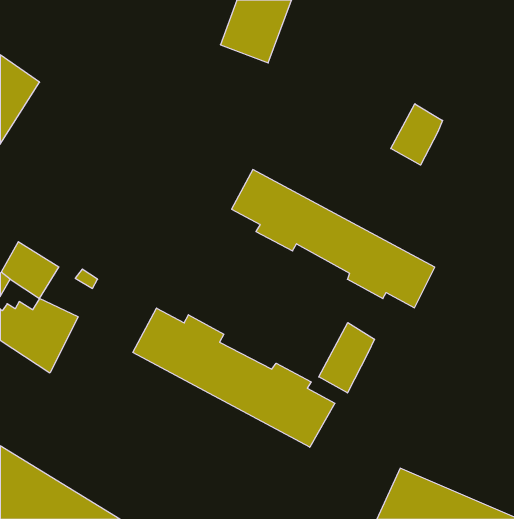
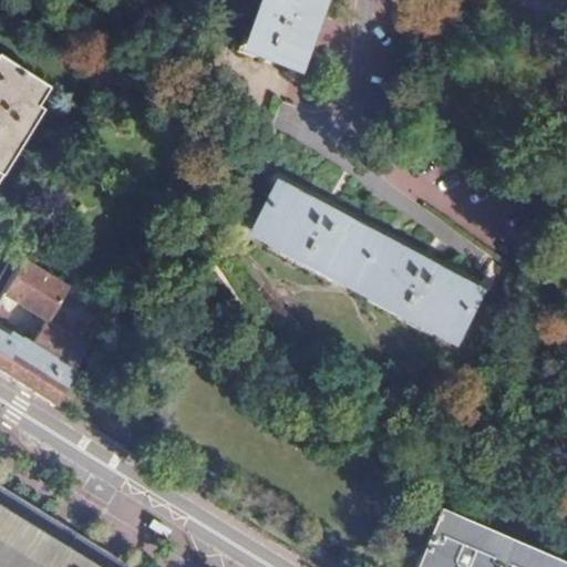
building: [391,104,443,165] -> none
building: [133,308,335,447] -> none
building: [319,323,374,393] -> none

